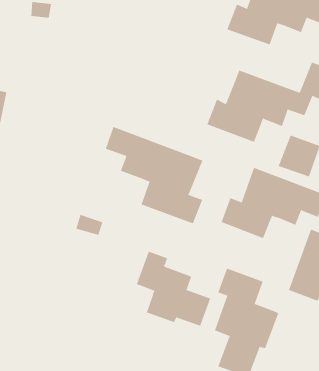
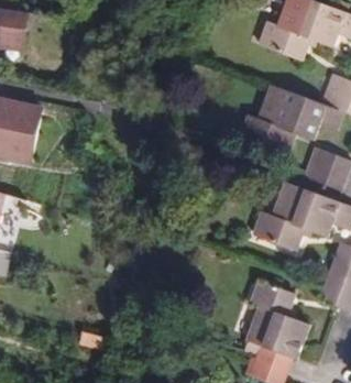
building: [105,126,203,224] -> none
building: [136,251,211,327] -> none

